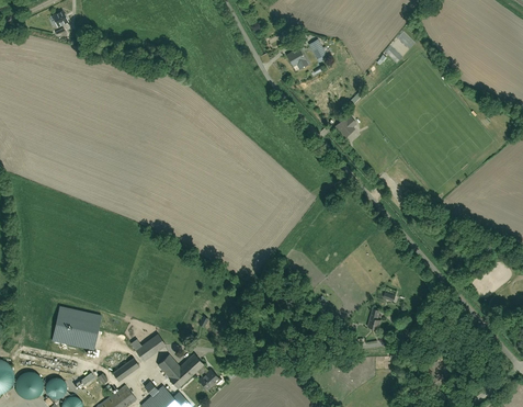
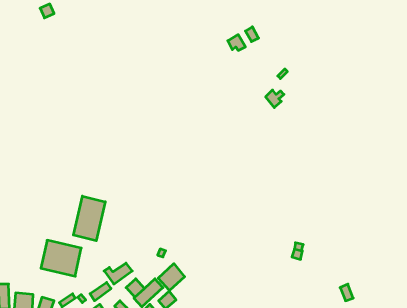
building: none -> [73,196,105,241]
building: none -> [158,264,185,291]

